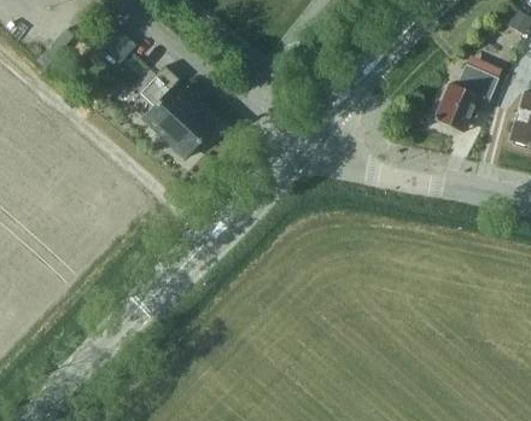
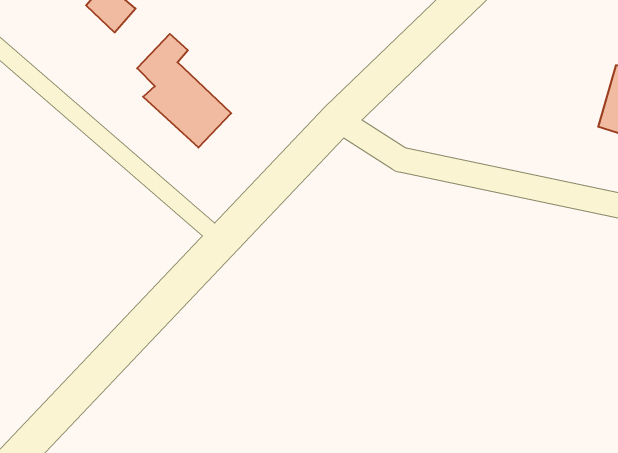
building: [434,63,498,130] -> none

